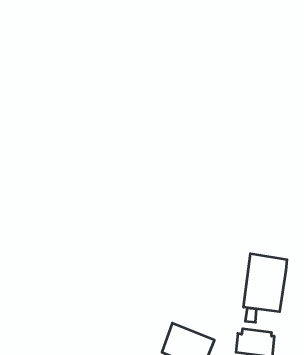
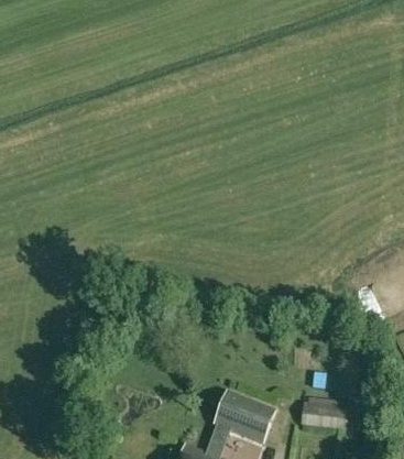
building: [244,254,287,312] -> none

